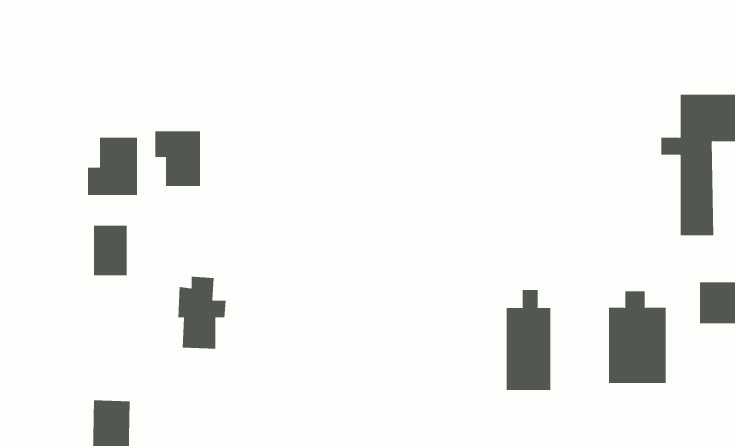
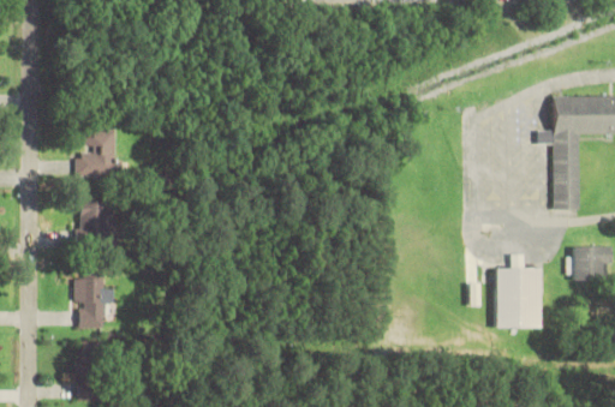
building: [155,131,200,187] -> none
building: [177,276,227,349] -> [74,269,114,328]
building: [506,289,551,391] -> none

